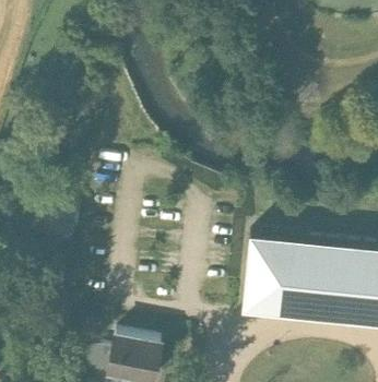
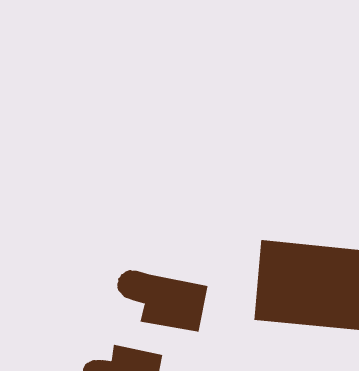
building: none -> [117,269,208,333]

